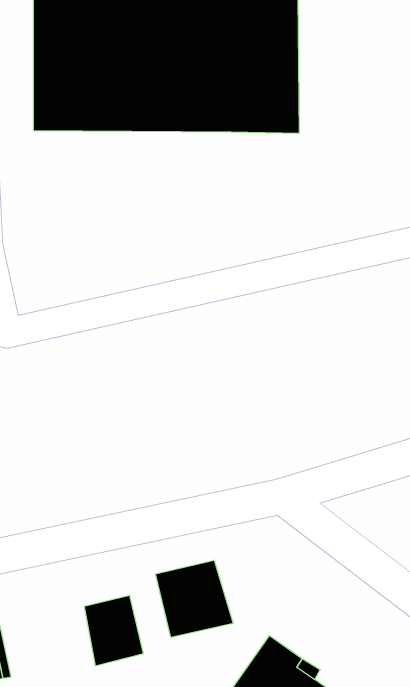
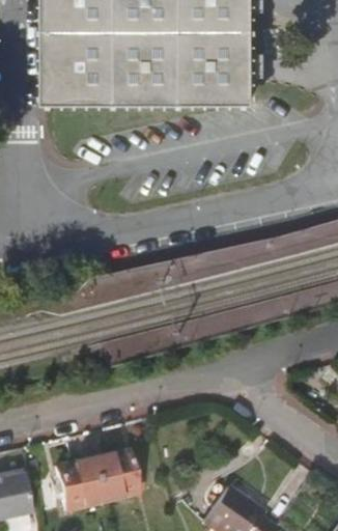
building: [156,560,233,637] -> none
building: none -> [51,458,94,511]

